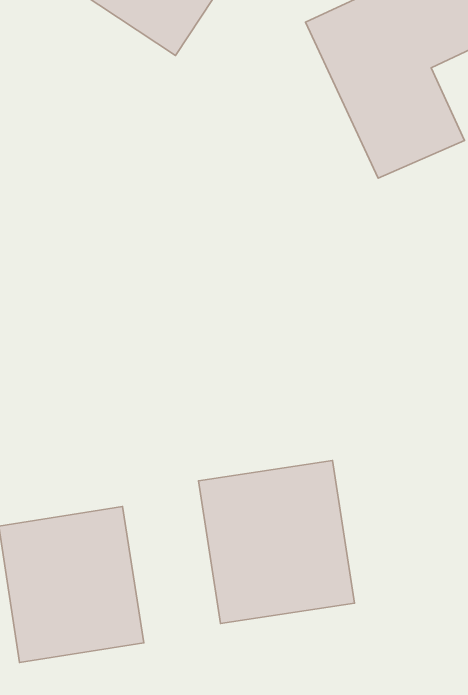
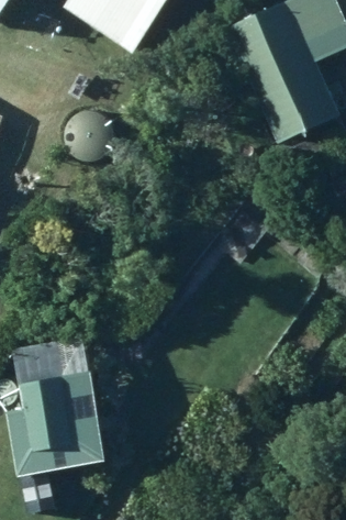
building: [198,460,355,623] -> none

